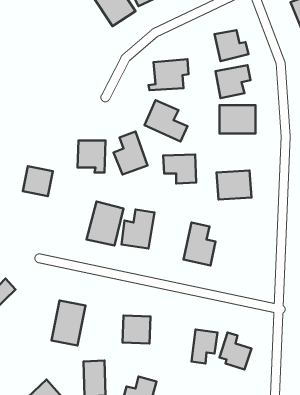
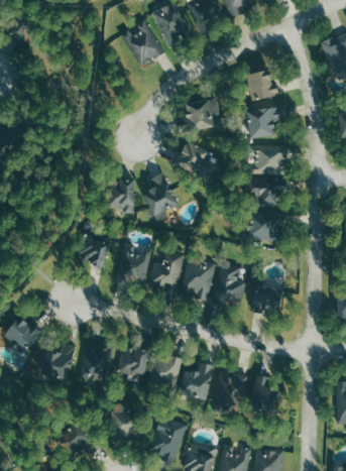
building: [163,154,196,183] -> [247,179,280,208]
building: [23,166,53,196] -> [79,237,109,267]
building: none -> [183,259,217,300]
building: none -> [252,286,281,316]
building: none -> [39,343,78,382]
building: none -> [118,346,150,383]
building: none -> [181,363,213,400]

